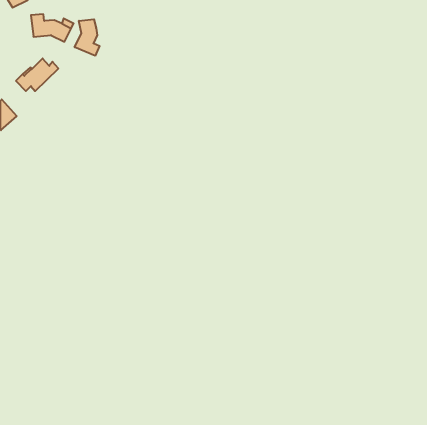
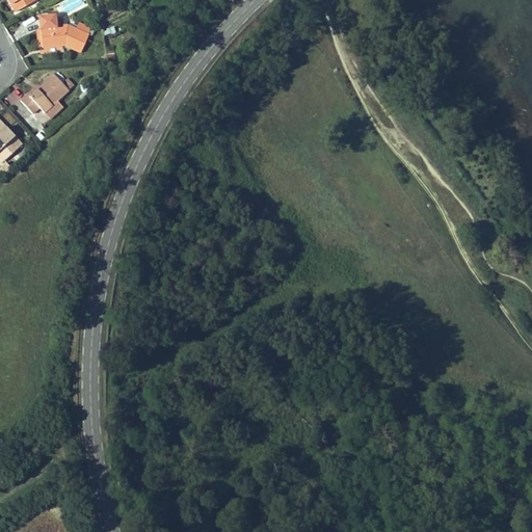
building: [75,19,100,56] -> none

